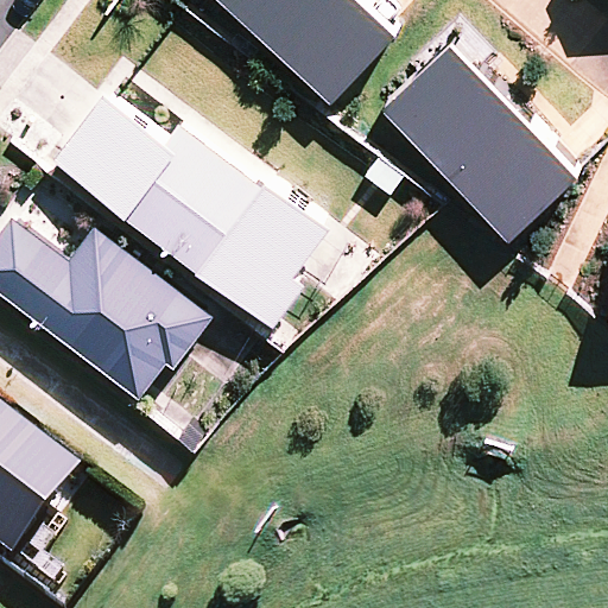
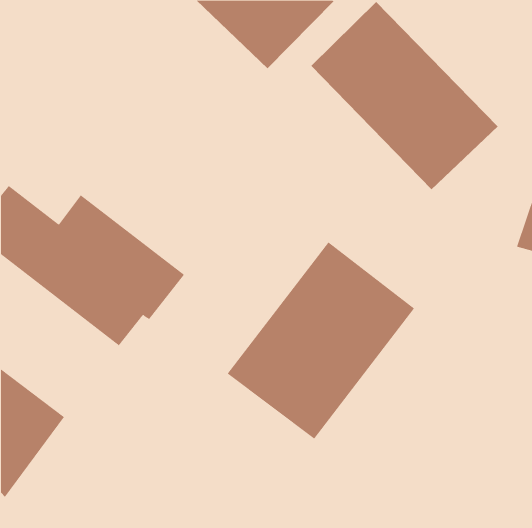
building: [52,95,327,327] -> none
building: none -> [227,242,415,439]

